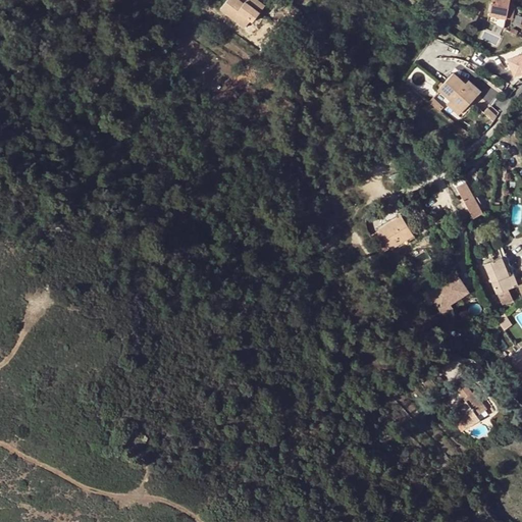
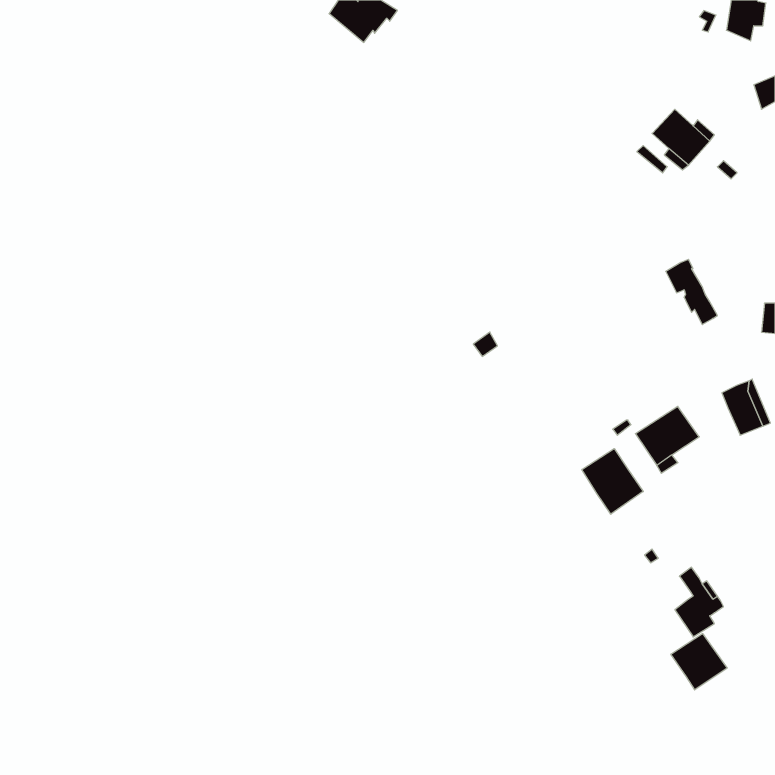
building: [378,216,413,248] -> none
building: none -> [582,449,643,514]
building: none -> [671,634,727,690]

